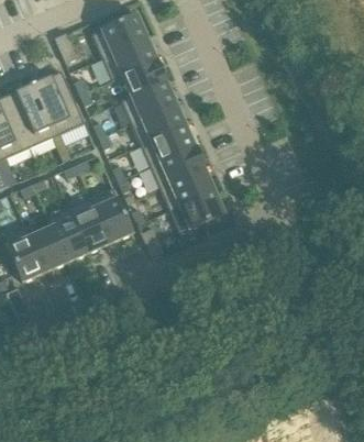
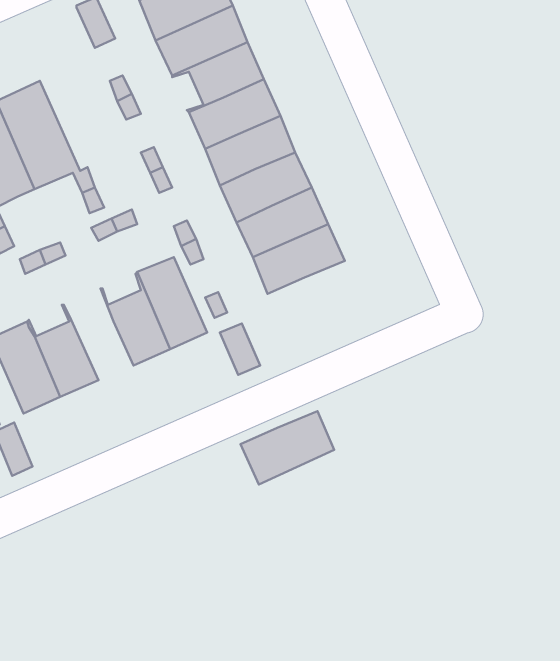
building: [32,69,84,135] -> none
building: [168,189,224,233] -> [240,411,334,485]
building: [46,206,88,261] -> none

